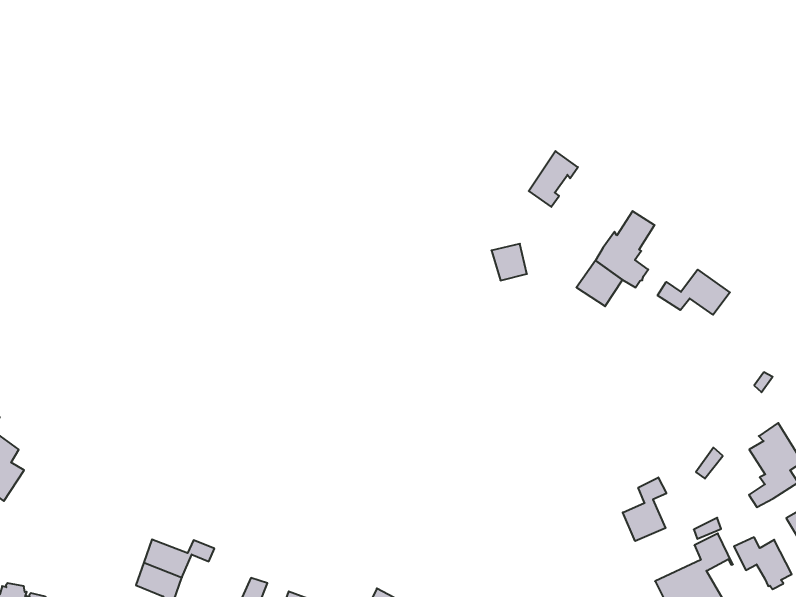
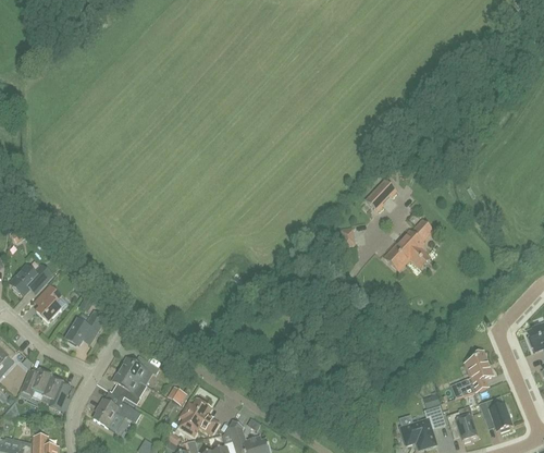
building: [658,270,730,315] -> none
building: none -> [64,310,104,346]
building: [623,477,666,541] -> none

